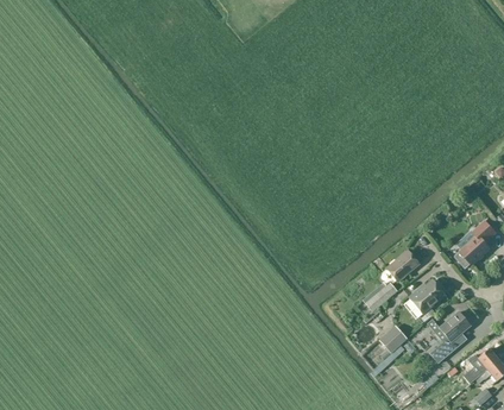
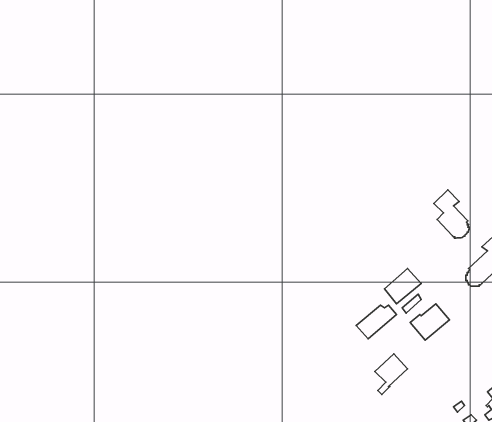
building: none -> [434,190,469,238]
building: [428,309,471,361] -> none

